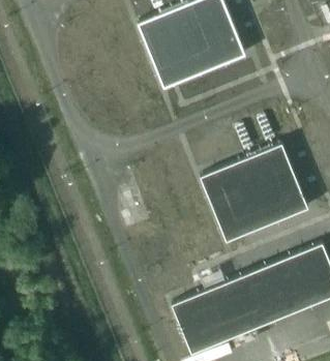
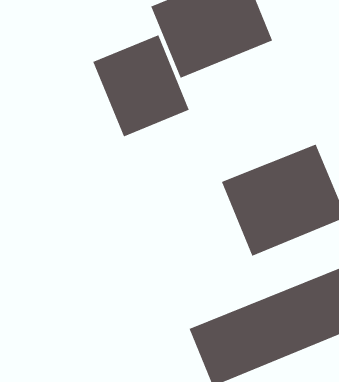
building: none -> [92,34,190,137]

